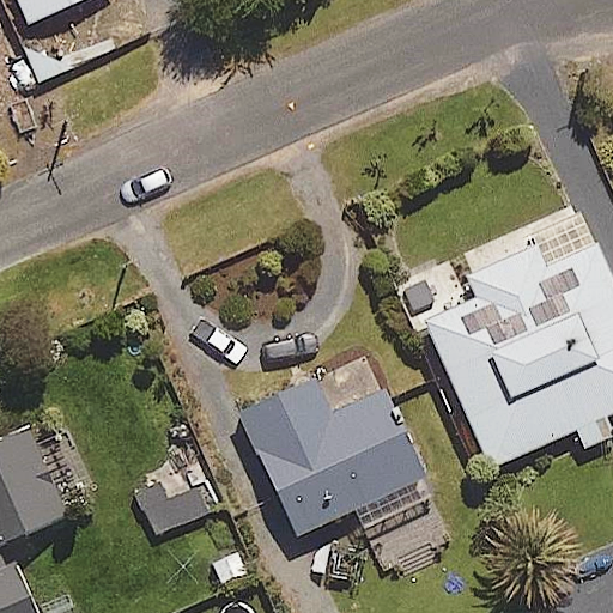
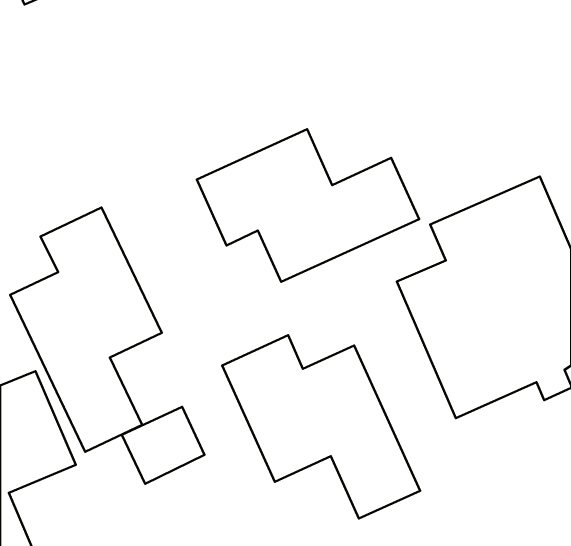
building: none -> [197,129,419,282]
building: none -> [10,207,162,452]

